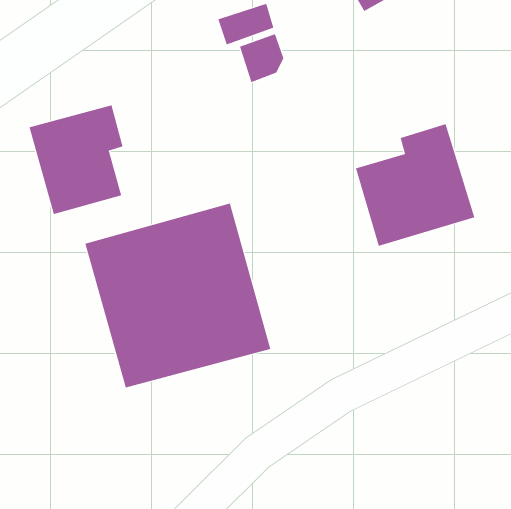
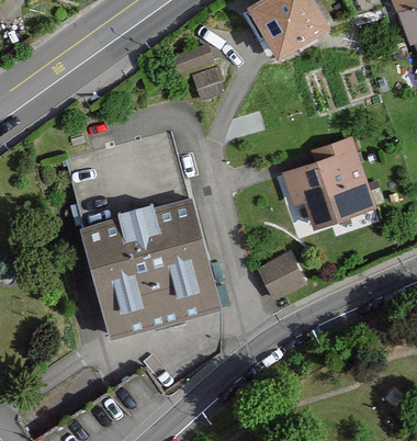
building: [29,104,123,215] -> none
building: none -> [258,257,306,307]

